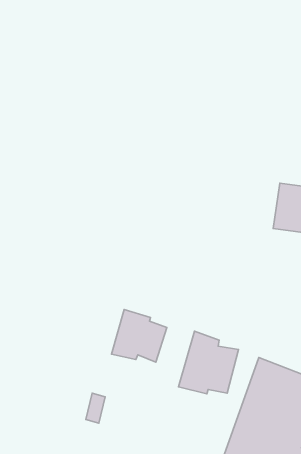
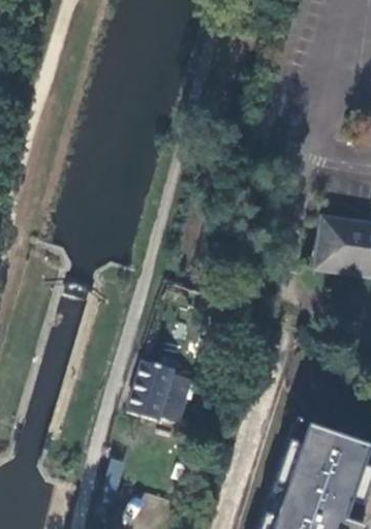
building: [179,331,239,394] -> none

